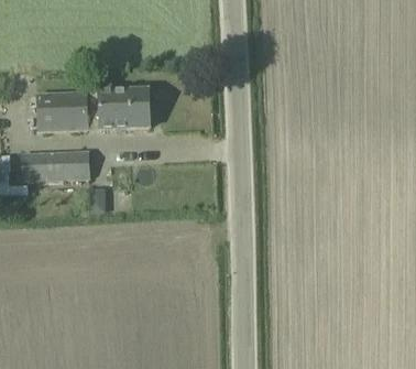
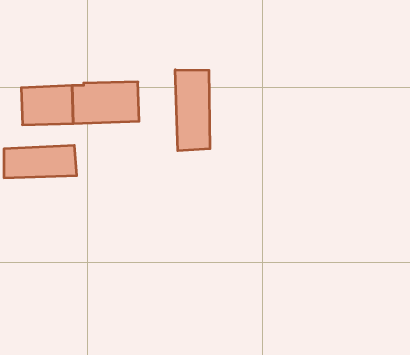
building: none -> [175,70,210,151]

